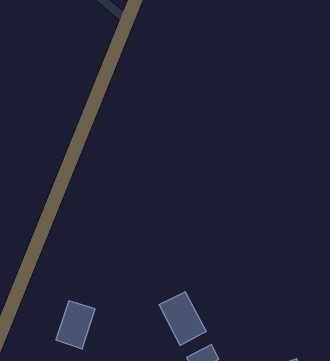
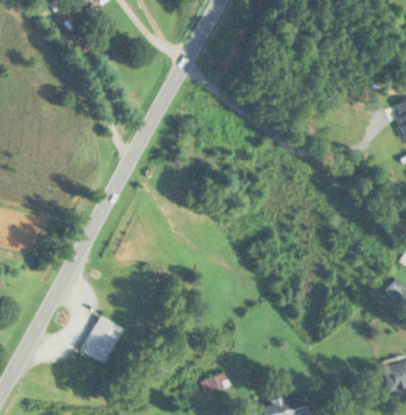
building: [159,292,206,345] -> none

